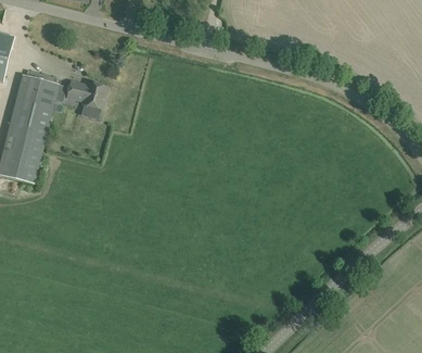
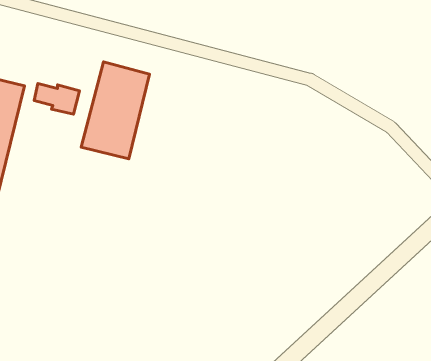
building: none -> [81,62,149,159]

